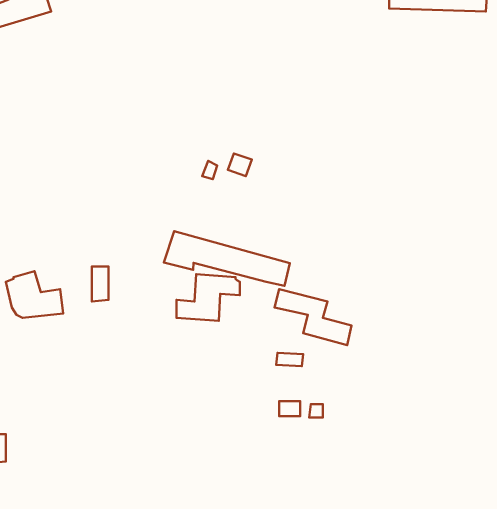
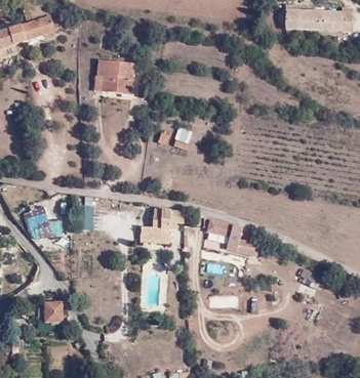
building: none -> [94,59,135,94]
building: [164,231,290,286] -> none
building: none -> [38,301,63,323]

